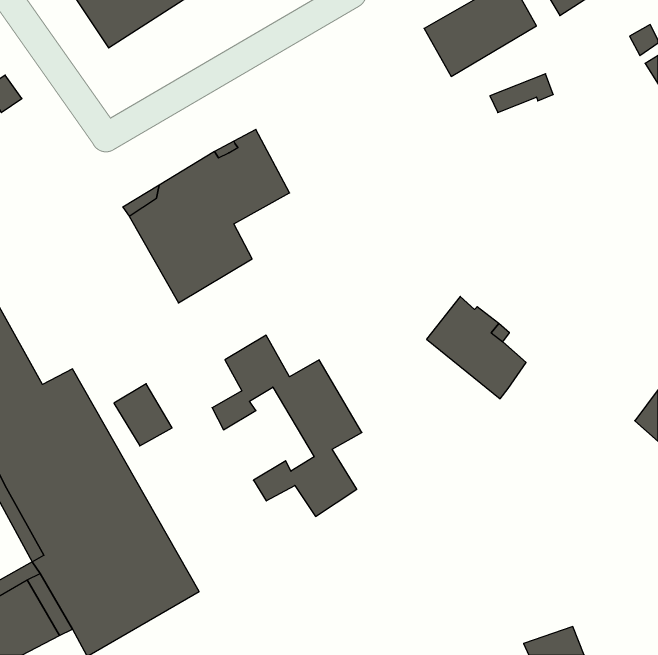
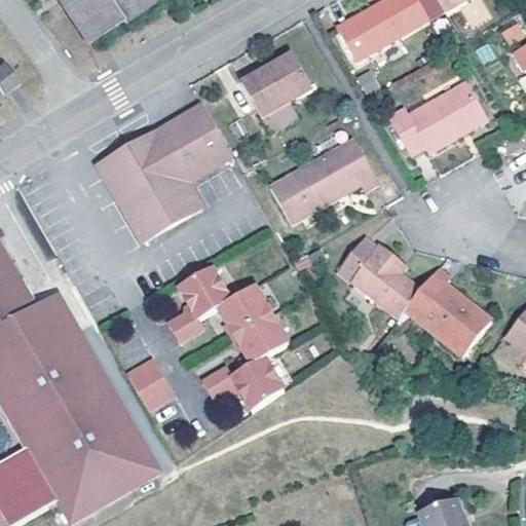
building: none -> [241,51,310,132]
building: none -> [388,81,486,152]
building: none -> [270,138,377,223]
building: none -> [404,267,489,354]
building: [114,384,172,446] -> [127,359,174,408]

